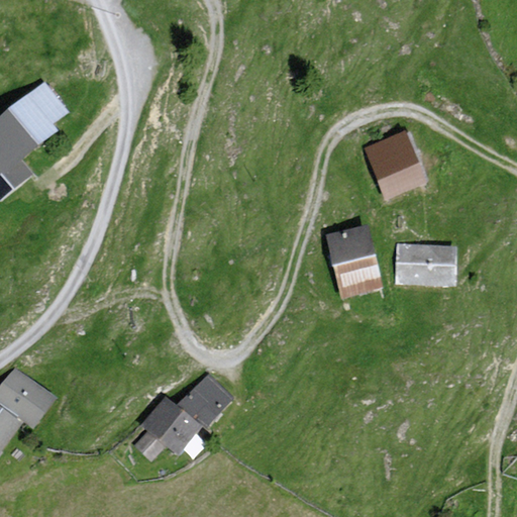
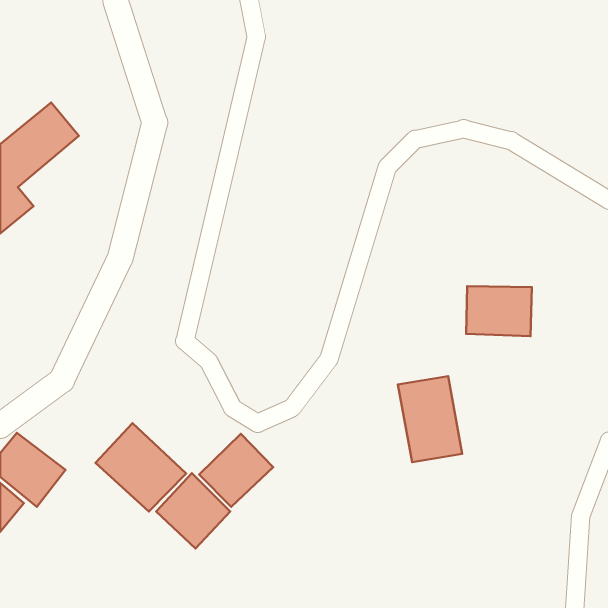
building: [365,132,426,199] -> none
building: [323,225,378,298] -> [398,376,462,462]
building: none -> [96,423,186,512]

